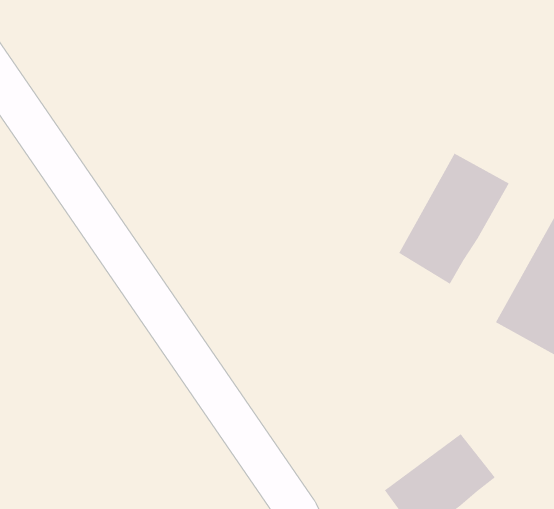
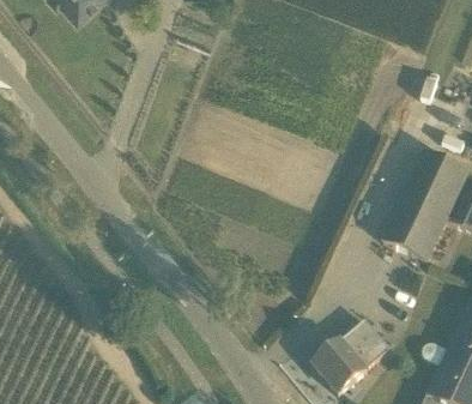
building: [398,153,510,285] -> none

